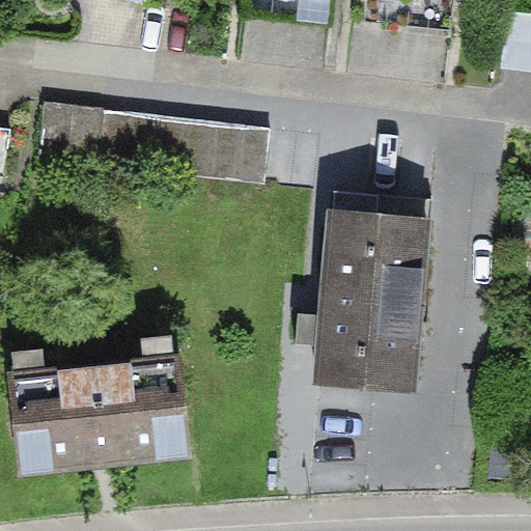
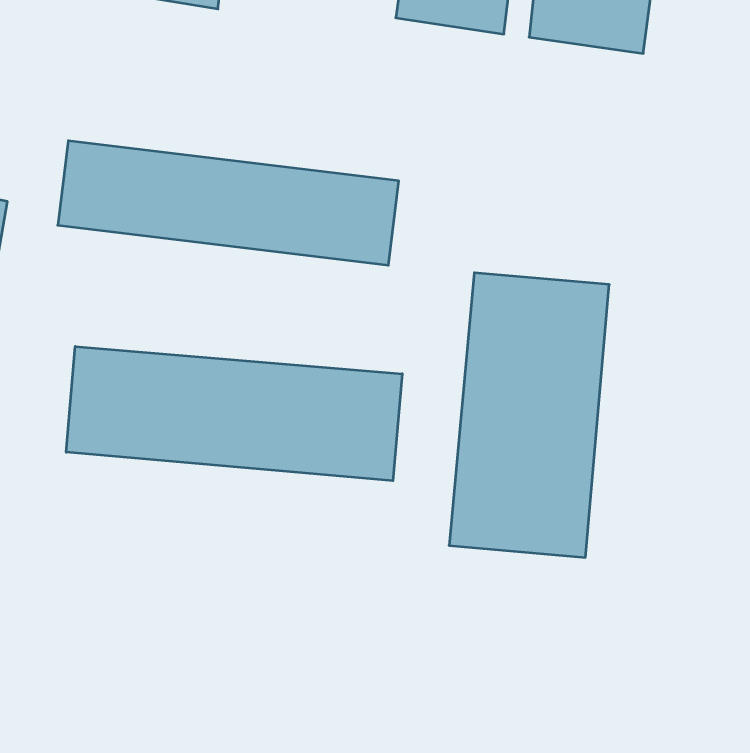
building: none -> [66,346,402,481]
building: [6,358,188,469] -> none

